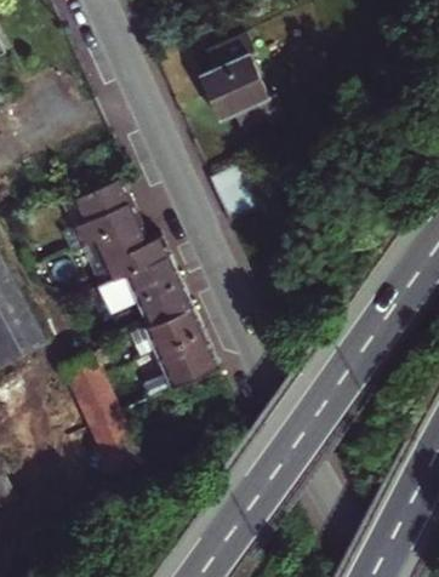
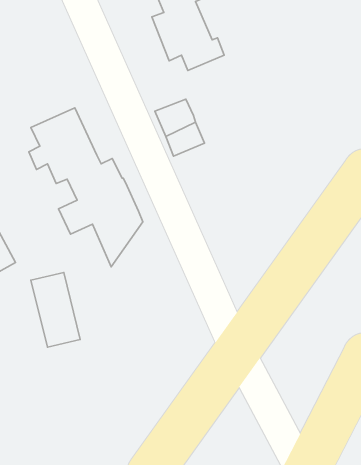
building: [139,296,216,392] -> none

